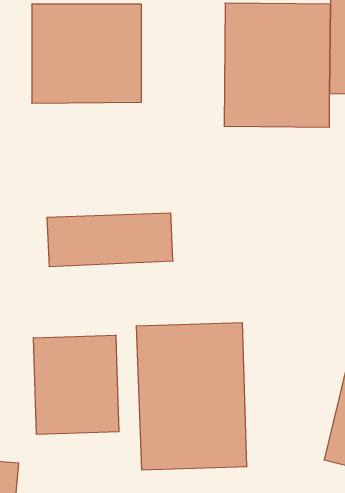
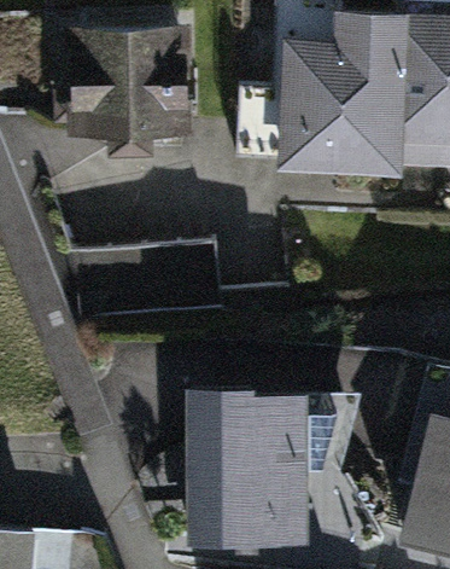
building: [33,335,119,434] -> none

